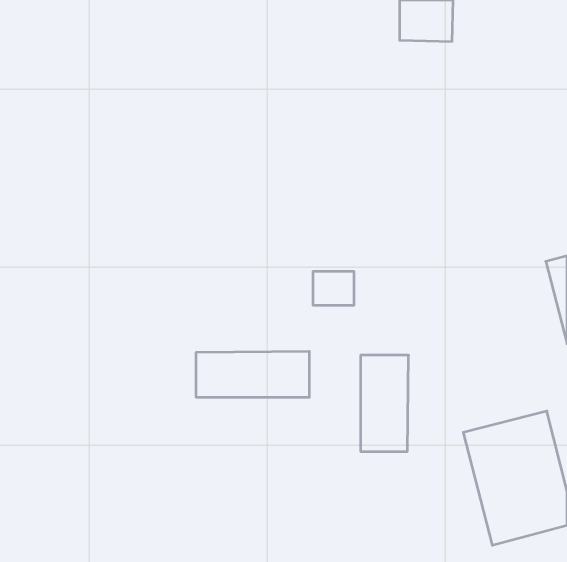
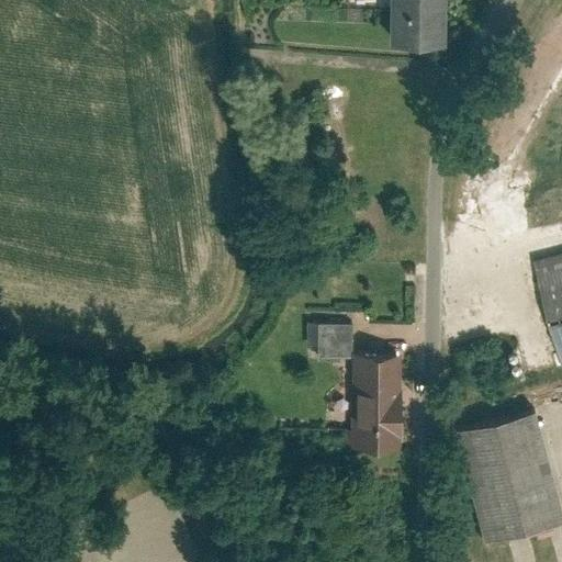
building: [313,272,354,305] -> [311,328,351,361]
building: [196,351,309,397] -> none

